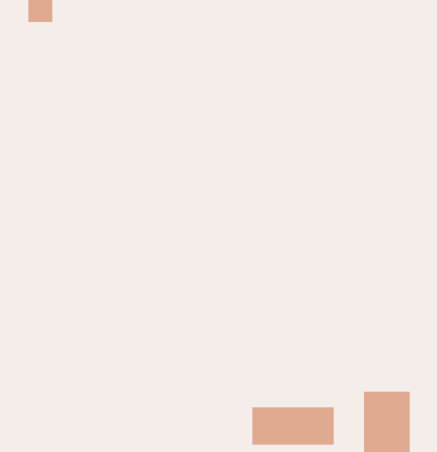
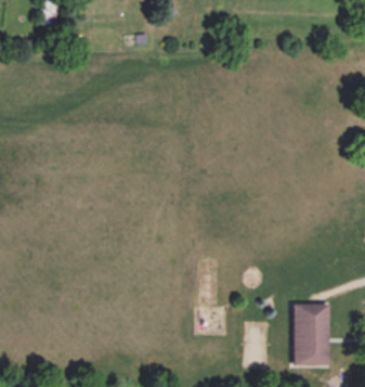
building: [252,406,334,445] -> none

